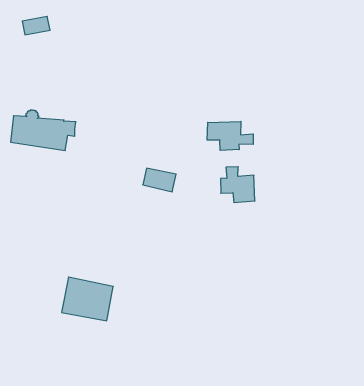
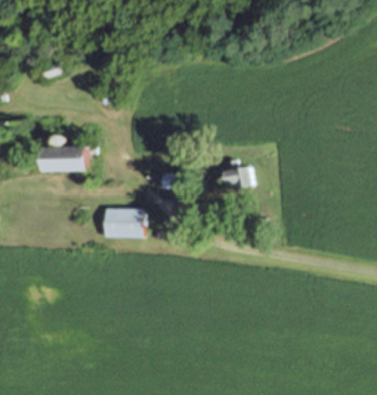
building: [207,121,253,150] -> none
building: [62,277,113,321] -> [103,208,142,239]

